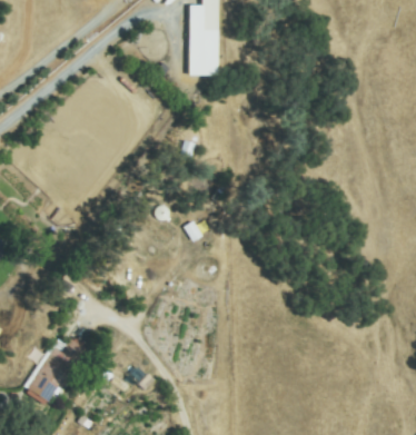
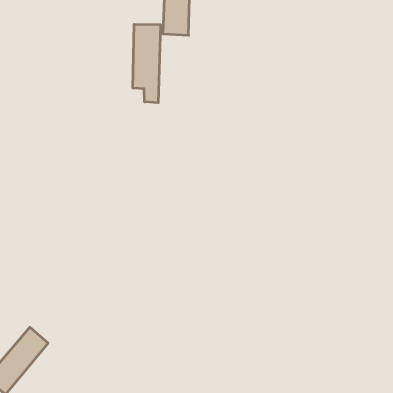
building: none -> [133,24,160,103]

